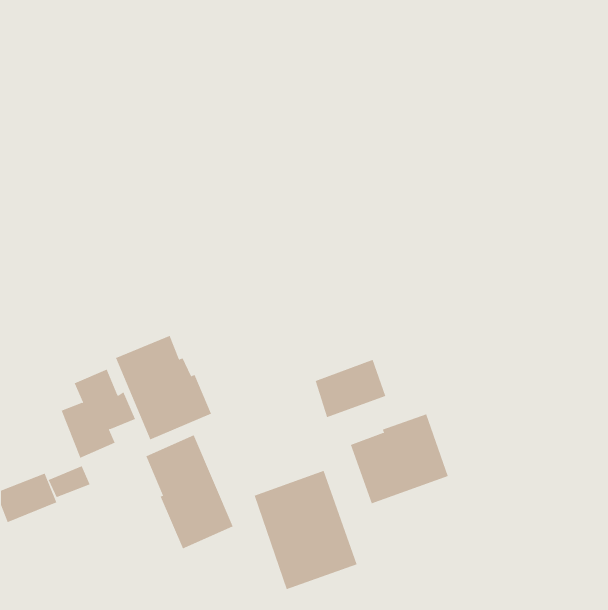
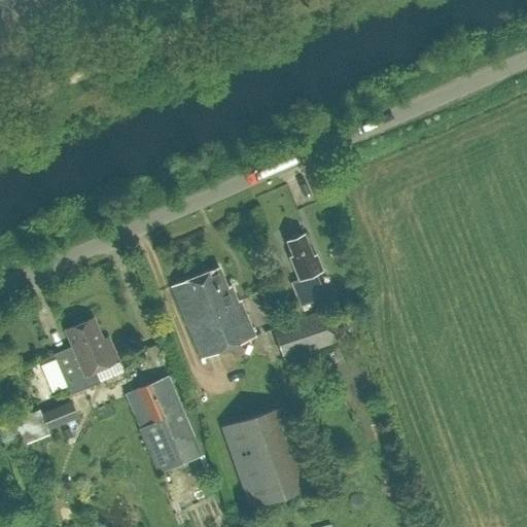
building: none -> [287,235,327,310]
building: [115,335,212,440] -> [171,268,254,358]
building: [350,414,448,504] -> none

